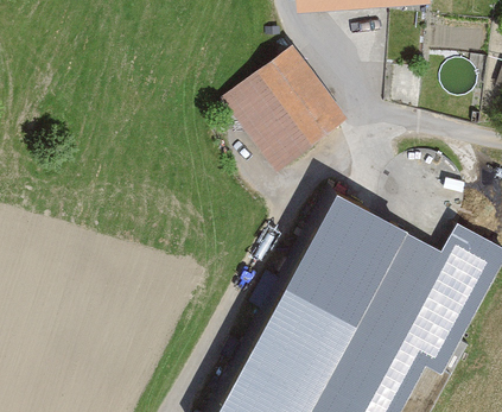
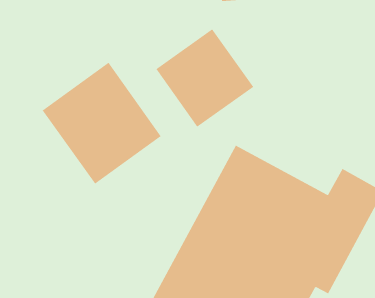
building: none -> [42,62,162,184]

